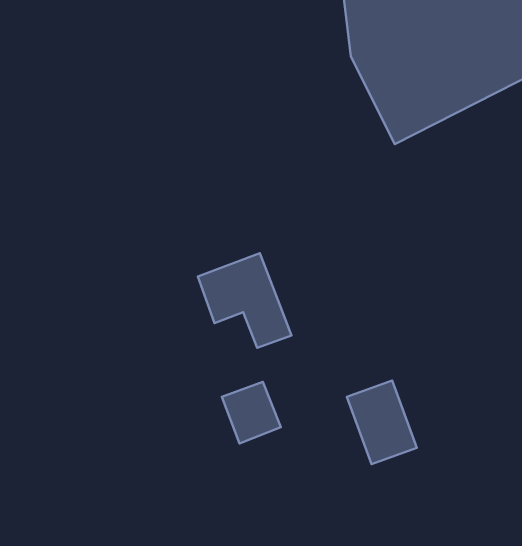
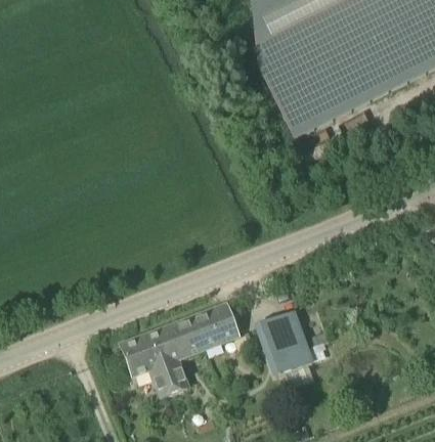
building: [198,253,291,348] -> [122,324,191,395]
building: none -> [199,302,242,347]

